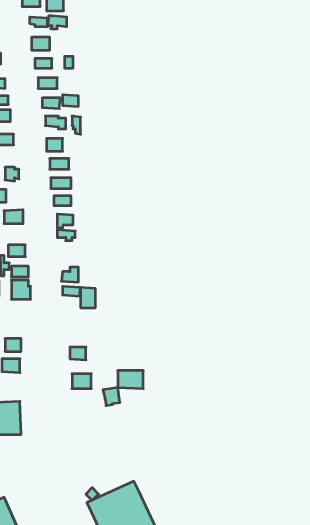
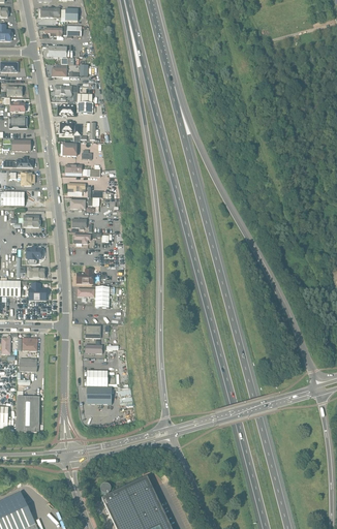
building: [118,371,143,389] -> [87,386,112,404]

